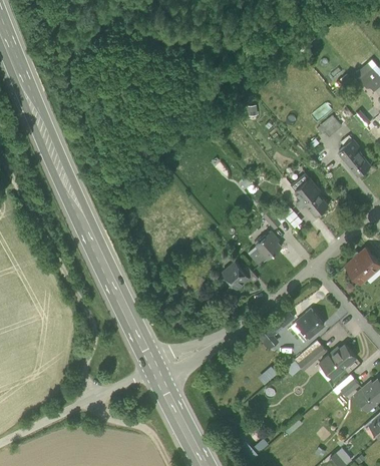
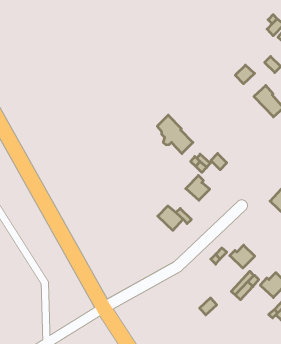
building: [292,173,329,216] -> [157,115,193,154]

